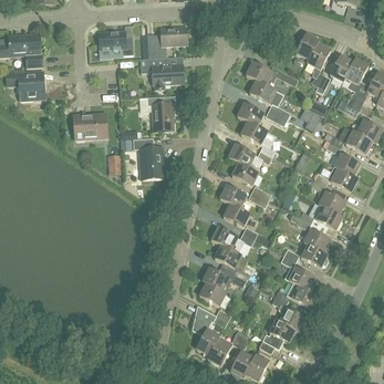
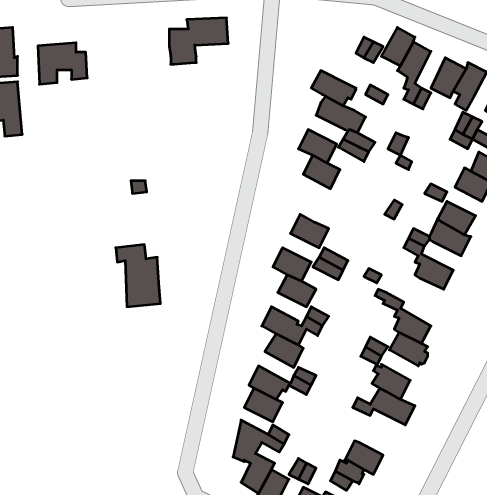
building: [98,29,133,58] -> [38,43,87,84]
building: [139,56,184,89] -> none
building: [139,95,174,131] -> none
building: [73,112,107,138] -> none
building: [133,136,164,179] -> [116,245,160,307]
building: [228,144,270,167] -> none
building: [298,206,341,229] -> none
building: [271,295,305,331] -> none

